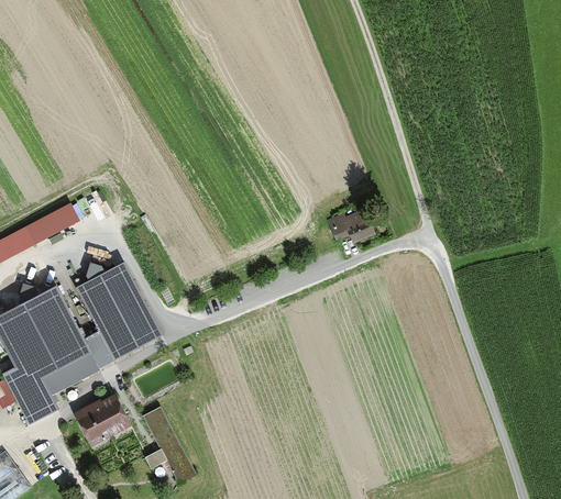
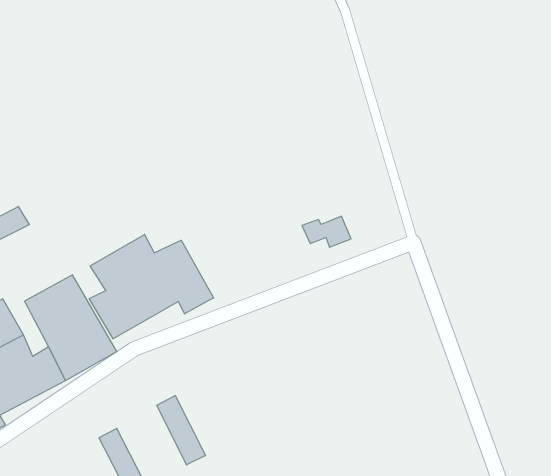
building: none -> [89,234,214,339]
building: none -> [157,395,206,465]
building: [75,395,129,444] -> none

